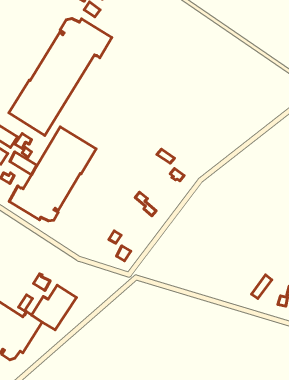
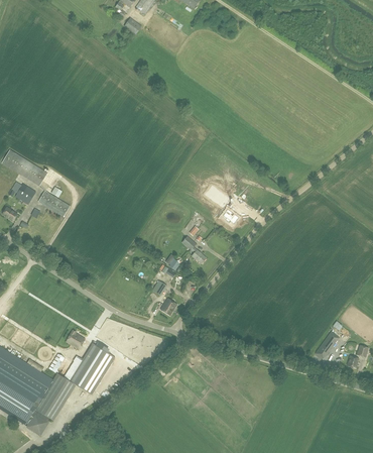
building: [9,18,112,136] -> none
building: [9,127,96,221] -> none

